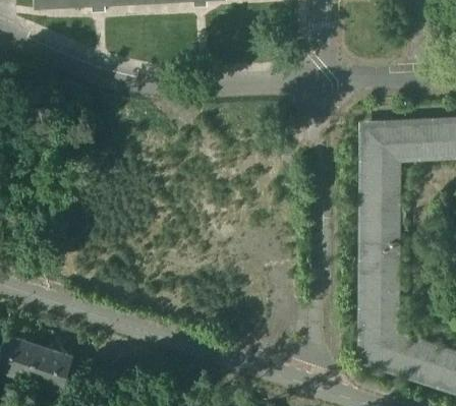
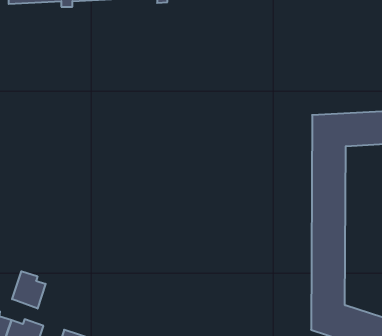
building: none -> [12,271,46,309]

